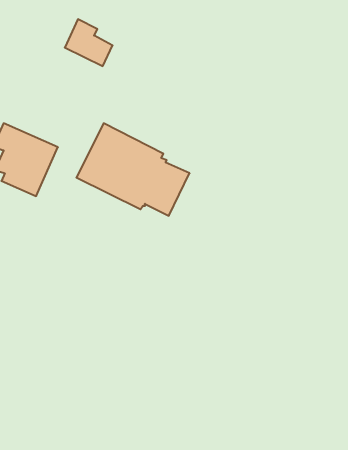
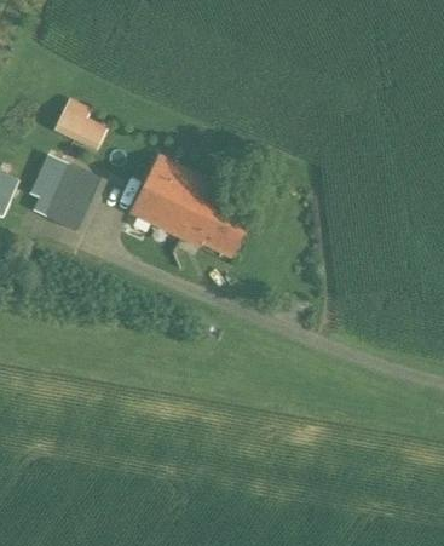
building: [65,19,113,66] -> [53,98,106,150]

